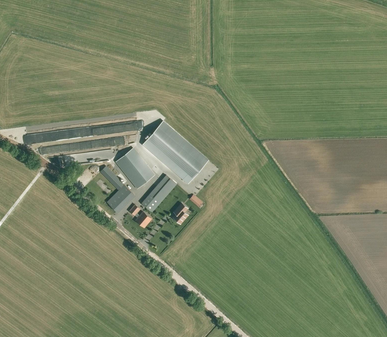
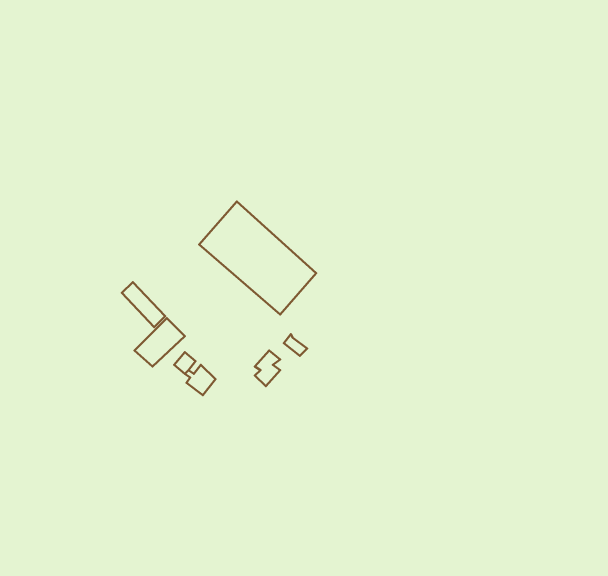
building: [115,148,154,189] -> none
building: [141,174,176,212] -> none

